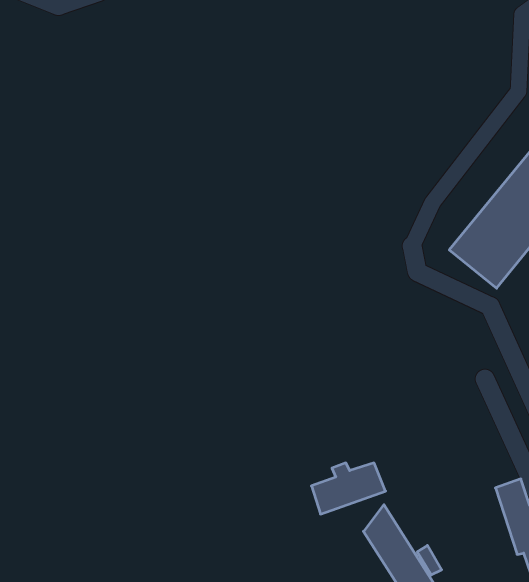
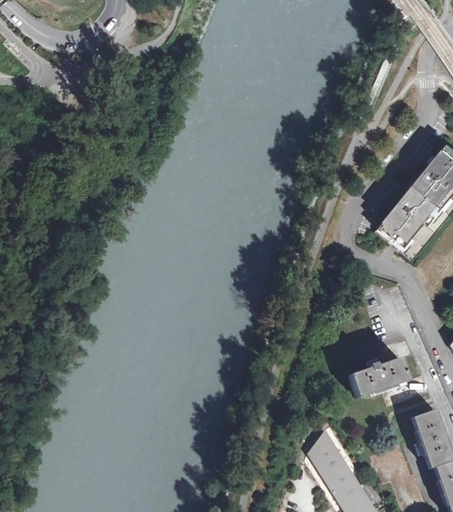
building: [311,463,386,514] -> [349,357,407,397]

